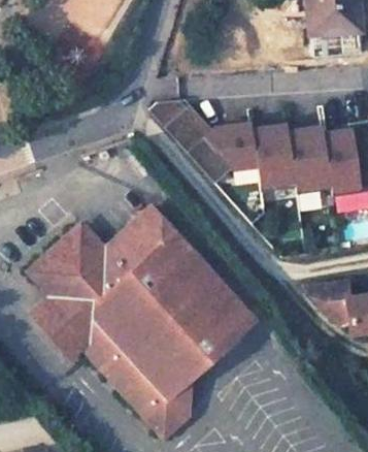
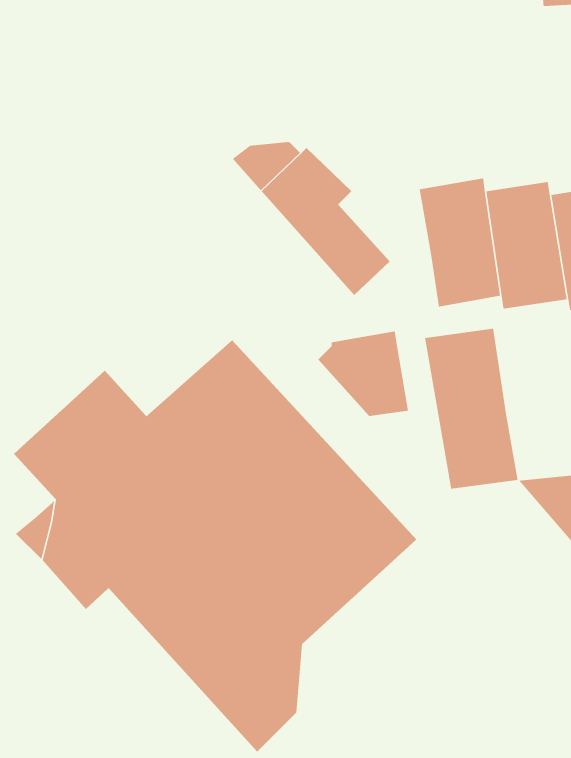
building: [208,123,258,169] -> [318,331,409,416]
building: none -> [424,328,518,490]

